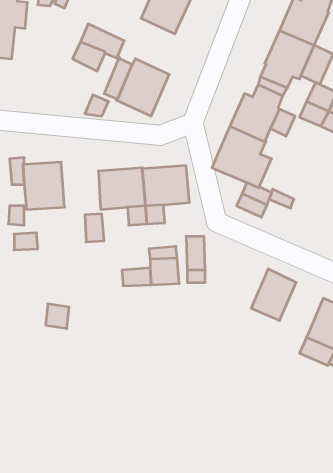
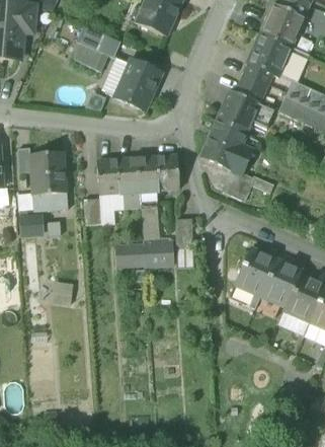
building: none -> [32,192,68,211]
building: none -> [260,259,301,305]

